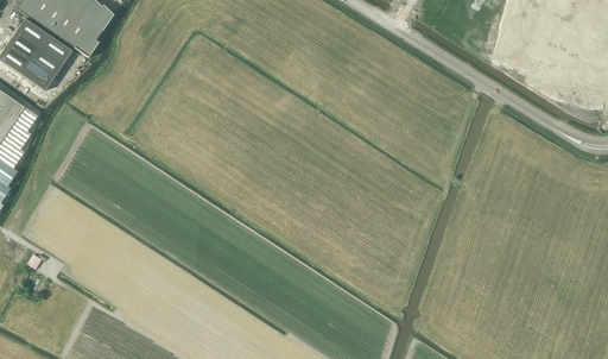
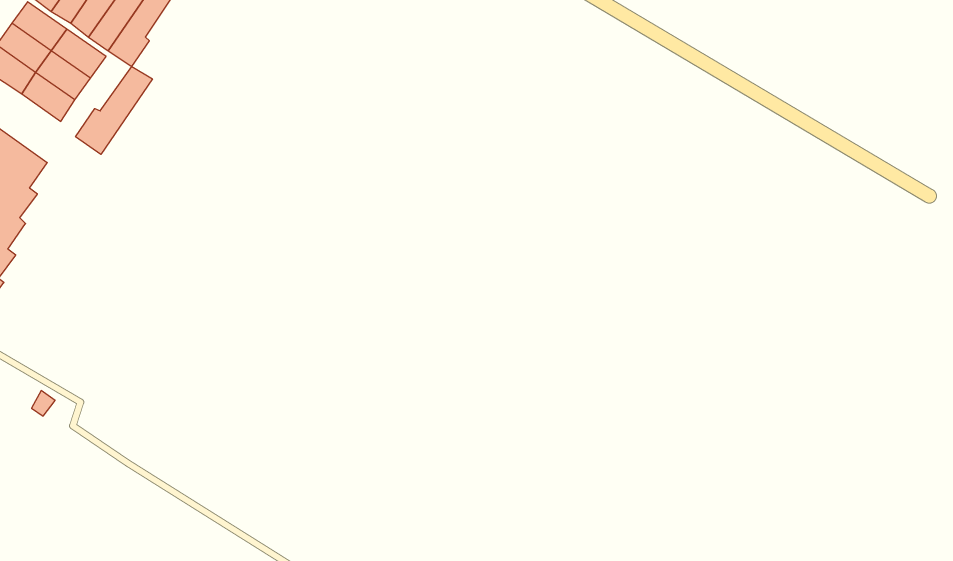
building: none -> [76,66,152,154]

